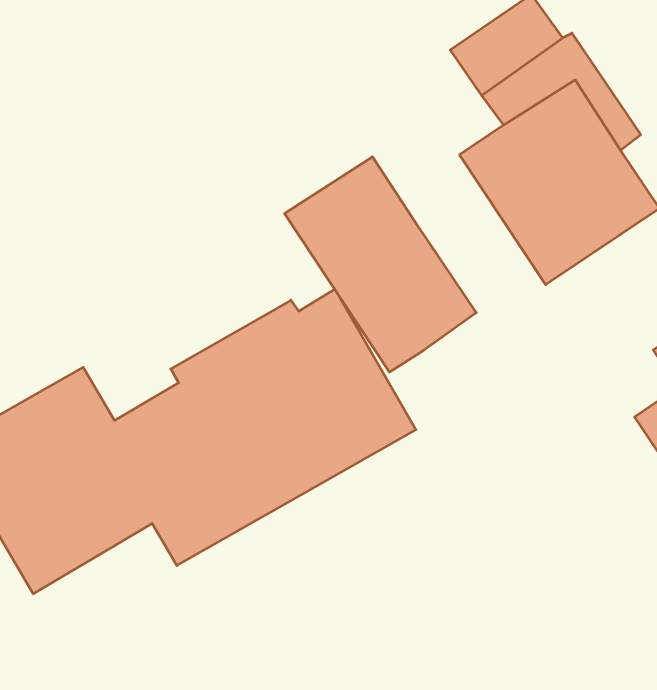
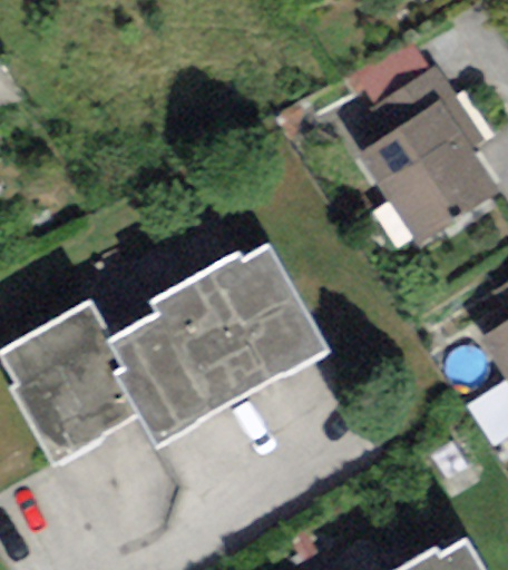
building: [285,157,476,372] -> none

